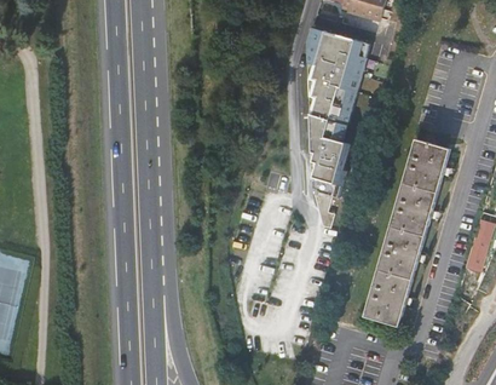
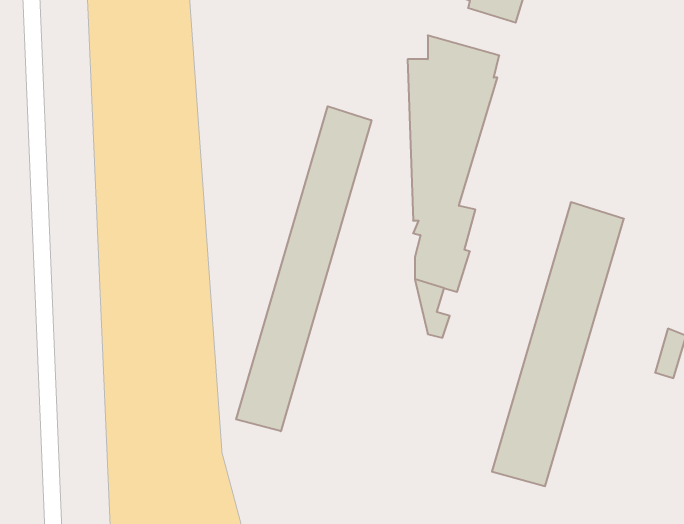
building: none -> [236,106,371,431]

